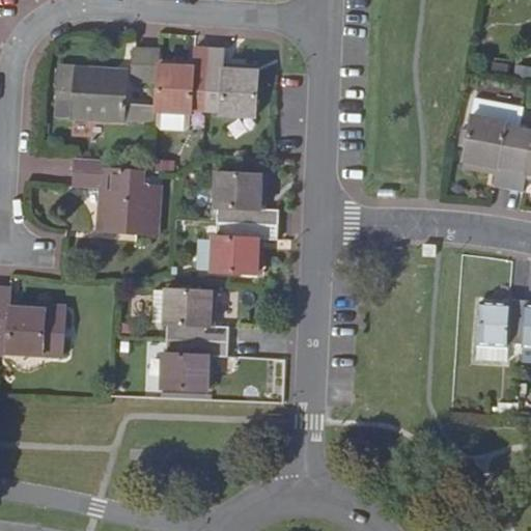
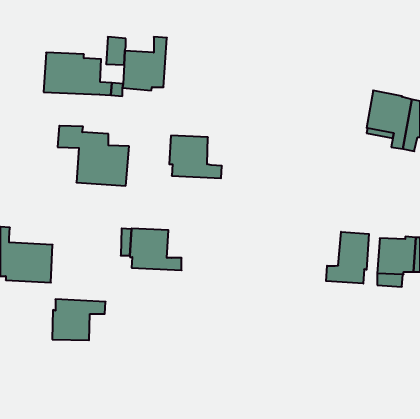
building: [206,48,258,117] -> none
building: [212,222,279,274] -> none
building: none -> [326,232,369,284]
building: [162,338,229,390] -> [52,299,106,340]

